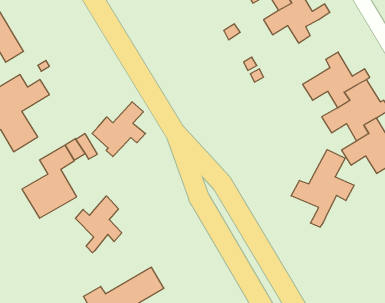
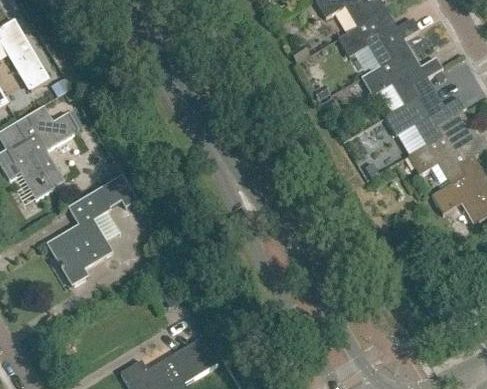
building: none -> [360,39,442,106]
building: [92,102,146,157] -> none
building: [291,150,354,227] -> none
building: [75,196,122,253] -> none

